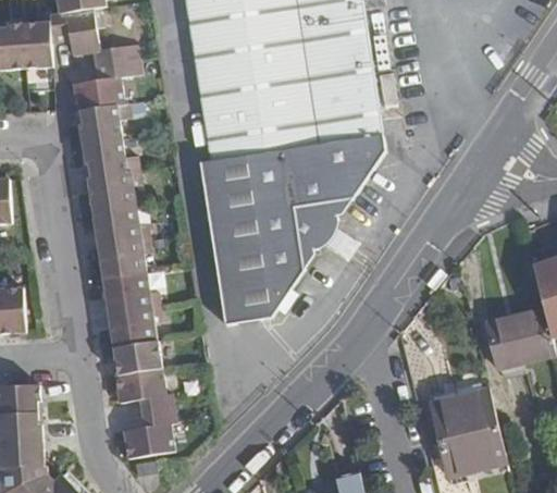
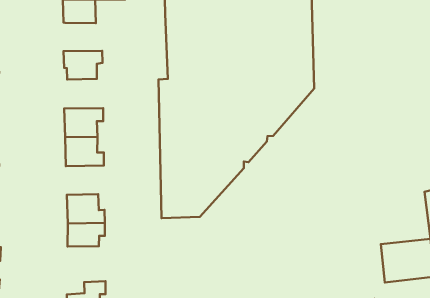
building: [79,107,121,145] -> none
building: [88,172,138,212] -> none
building: [103,273,150,313] -> none
building: [115,369,168,414] -> none

